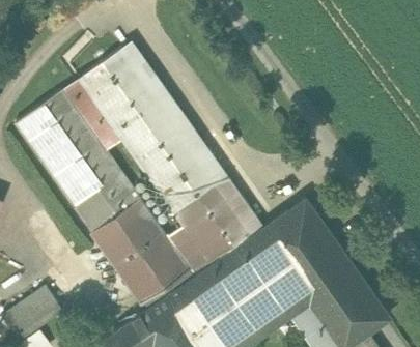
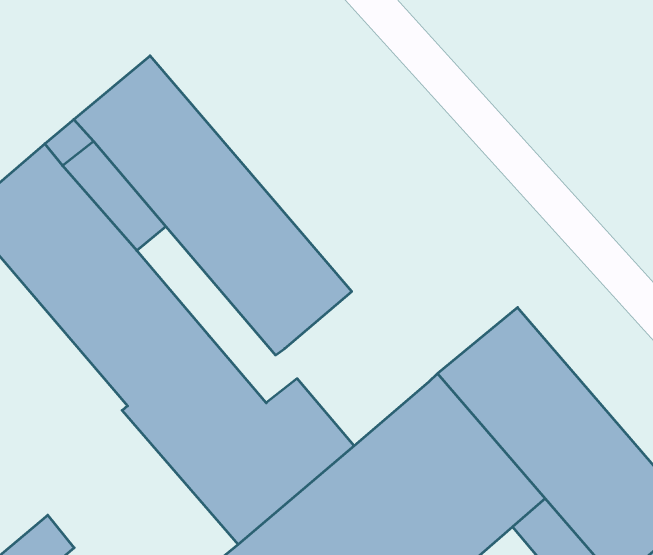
building: [175,182,255,264] -> none

